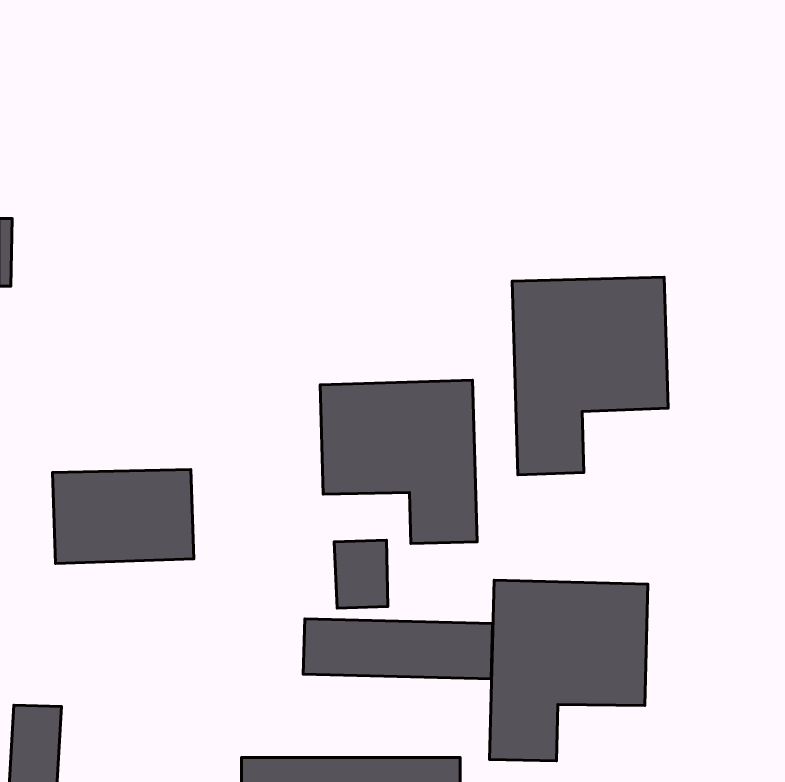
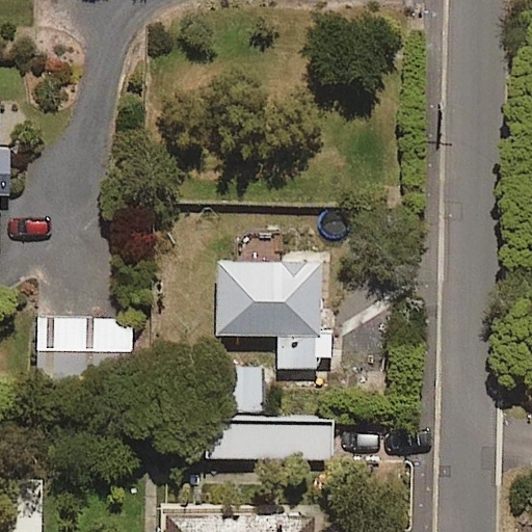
building: [512,277,668,475] -> none
building: [490,580,648,761] -> none

